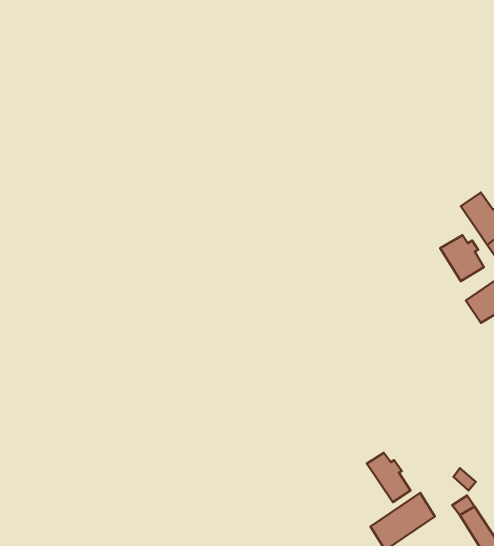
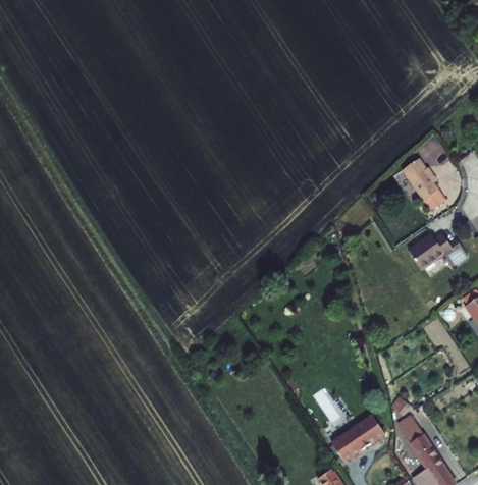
building: [440,235,484,281] -> none
building: [367,453,410,502] -> none

